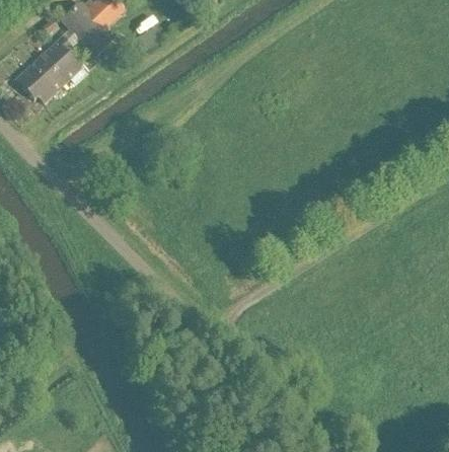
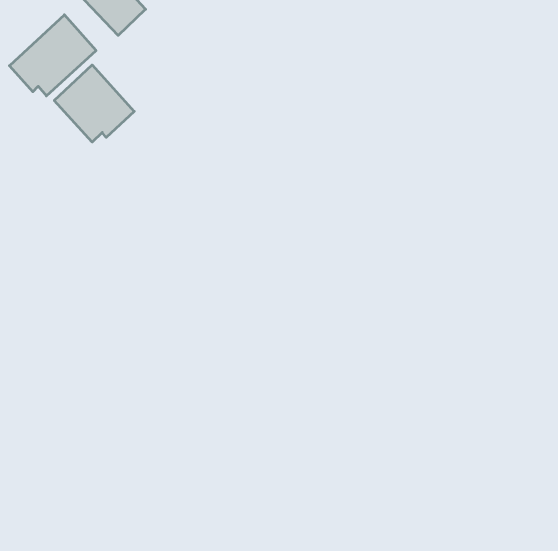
building: none -> [54,65,134,142]

